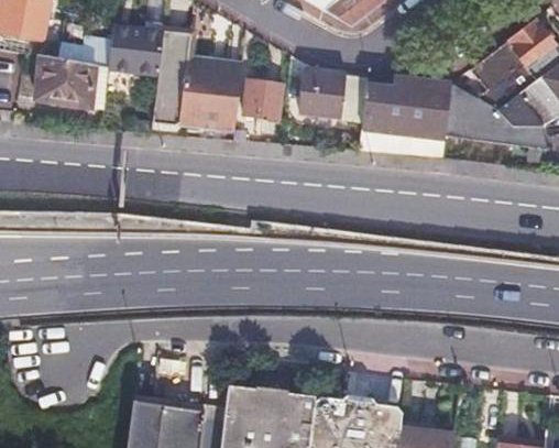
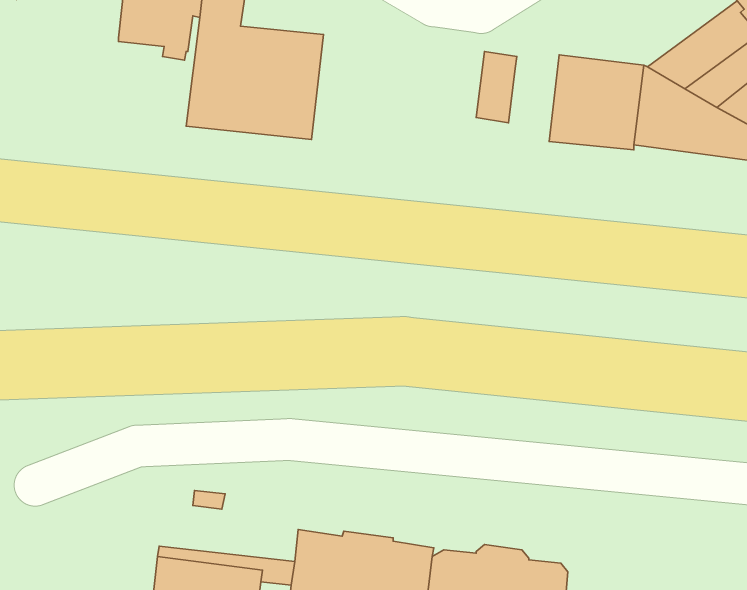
building: [39,53,109,107] -> none
building: [300,67,347,116] -> none
building: [361,75,395,131] -> none
building: [243,80,283,117] -> none

